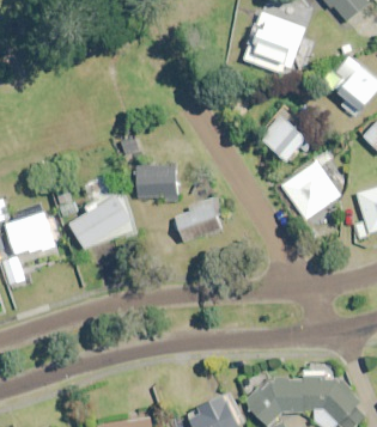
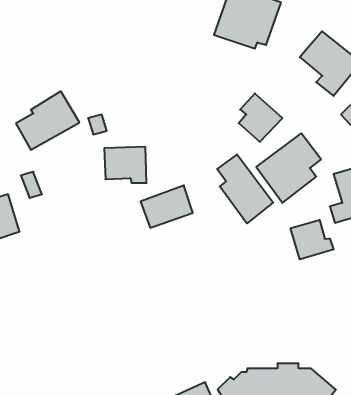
building: none -> [217,154,273,223]
building: [71,191,132,248] -> [16,91,79,150]
building: none -> [290,220,333,259]

